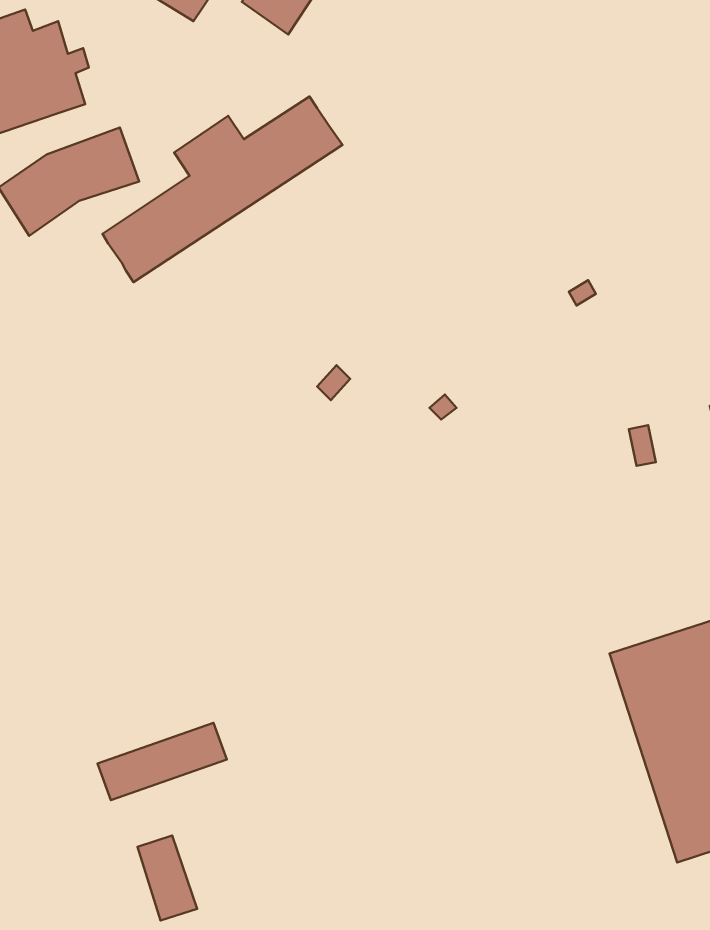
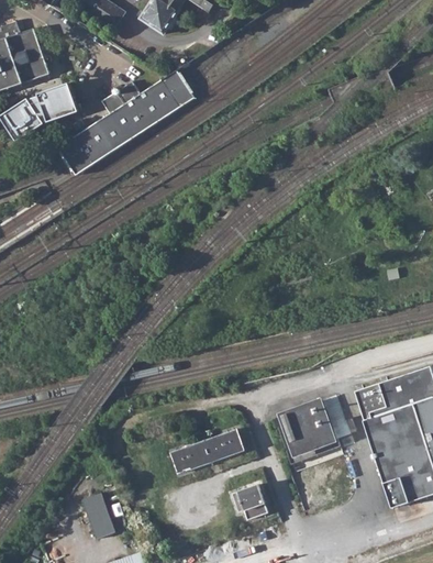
building: none -> [275,395,351,464]
building: [97,723,227,800] -> [173,428,246,472]
building: none -> [234,484,270,519]

